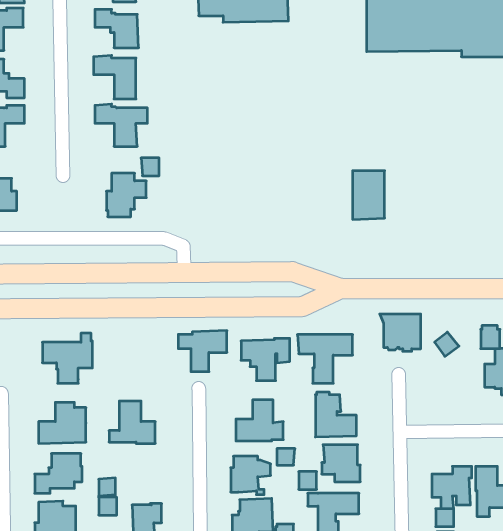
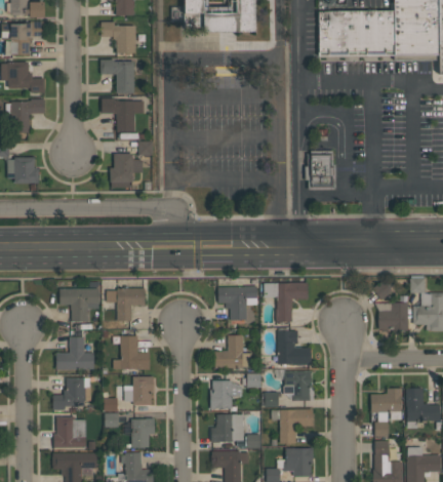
building: [380,314,421,351] -> [375,303,408,332]
building: [178,331,227,372] -> [107,287,146,320]
building: none -> [124,375,154,404]

